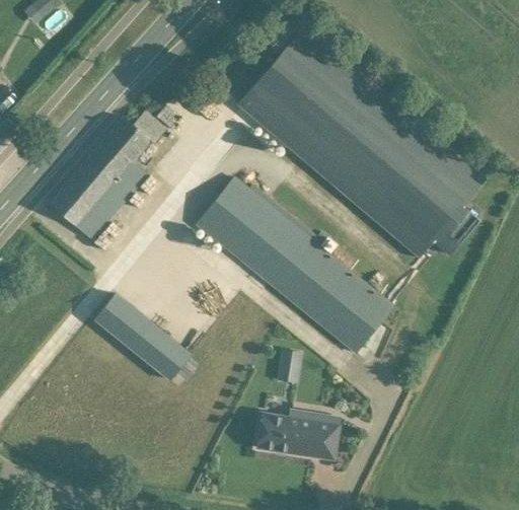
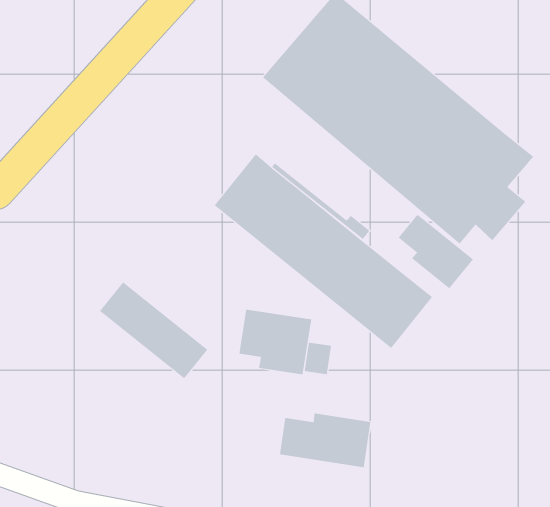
building: [48,112,164,240] -> none
building: none -> [398,214,474,289]
building: none -> [239,309,312,375]

